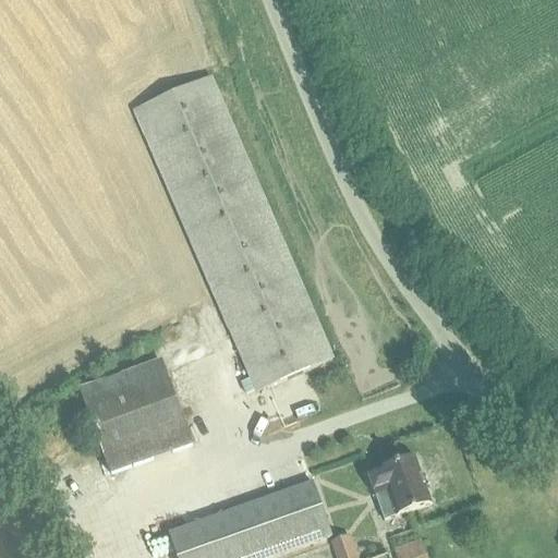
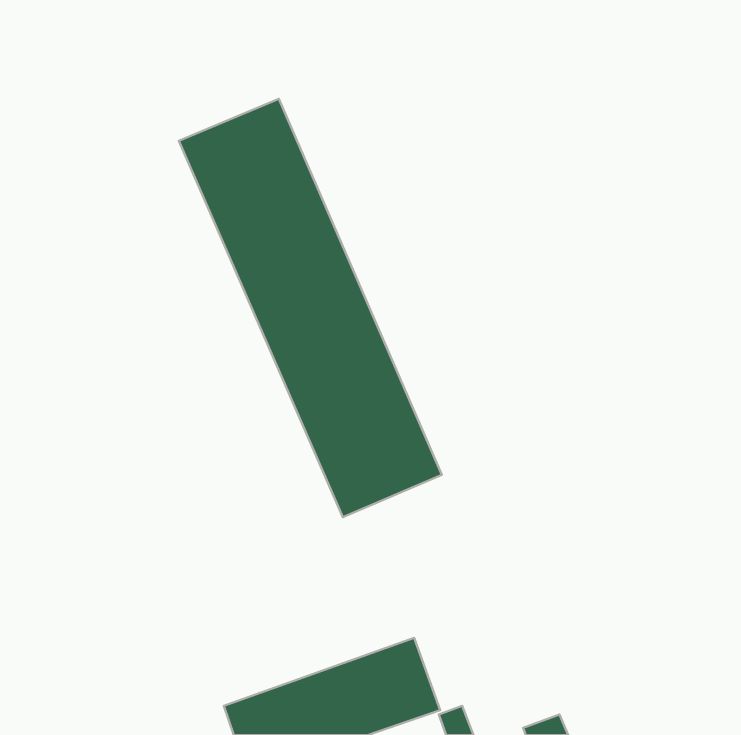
building: [78,359,192,471] -> none
building: [366,453,430,518] -> none

